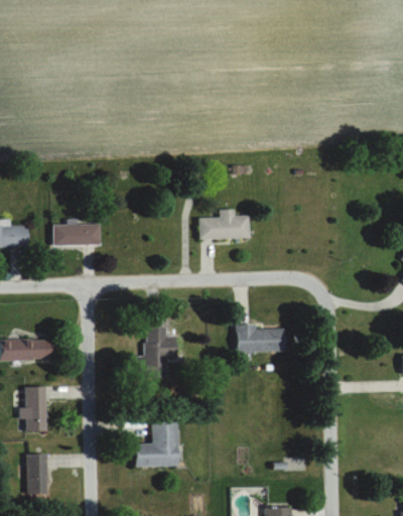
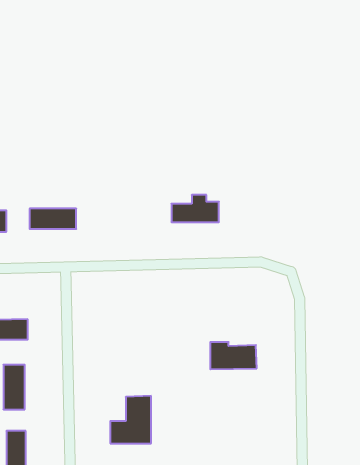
building: [236,325,284,353] -> [210,342,257,369]
building: [136,327,177,378] -> none

